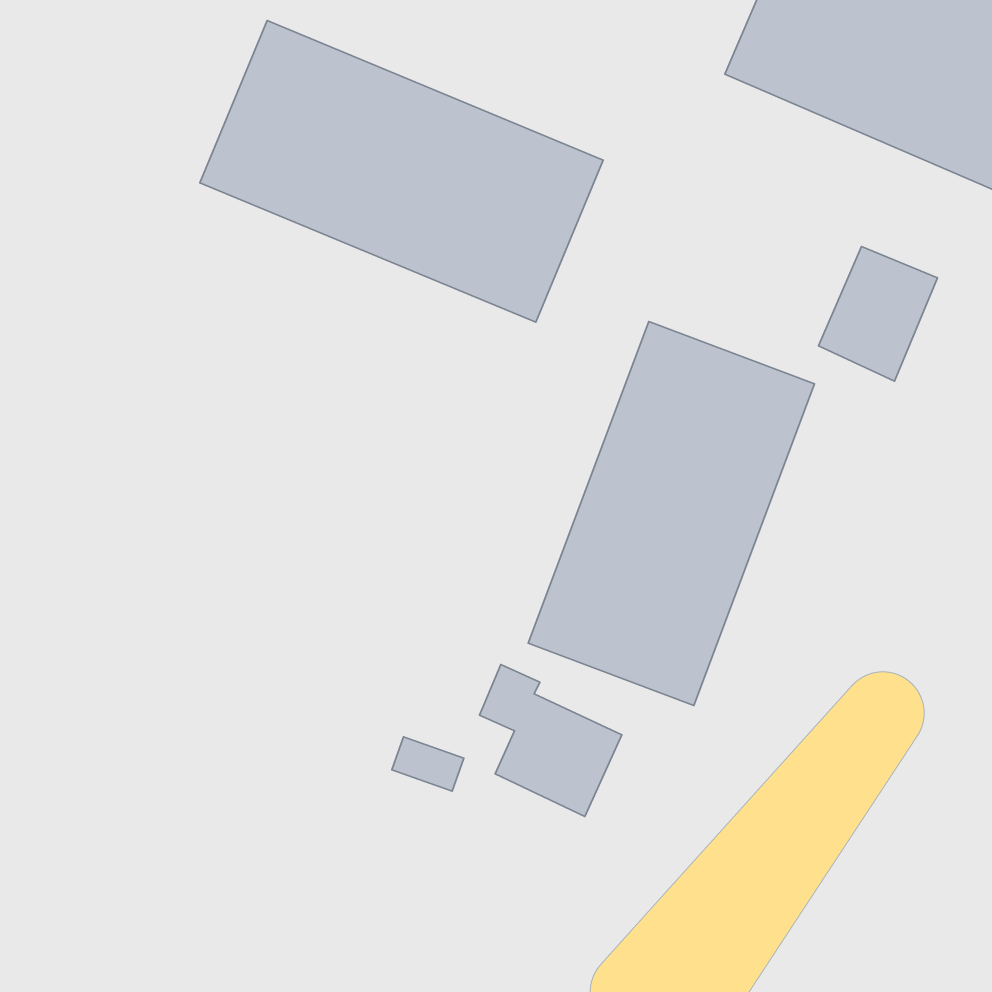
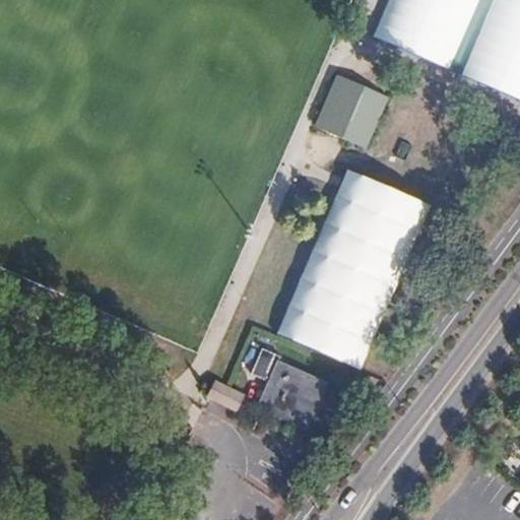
building: [200,21,603,322] -> none
building: [819,247,937,381] -> [327,79,389,149]

